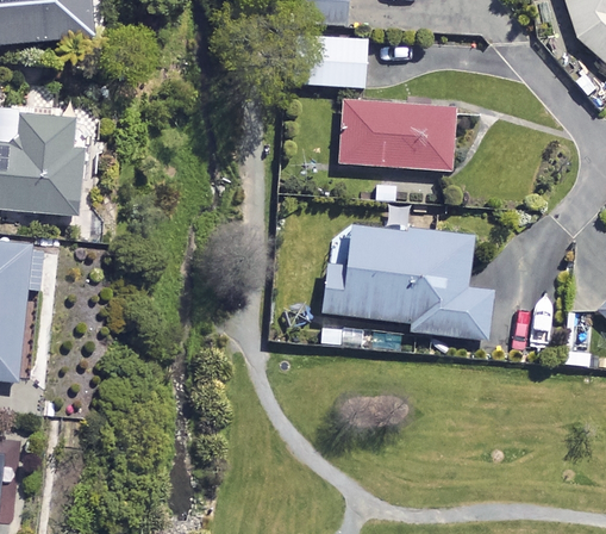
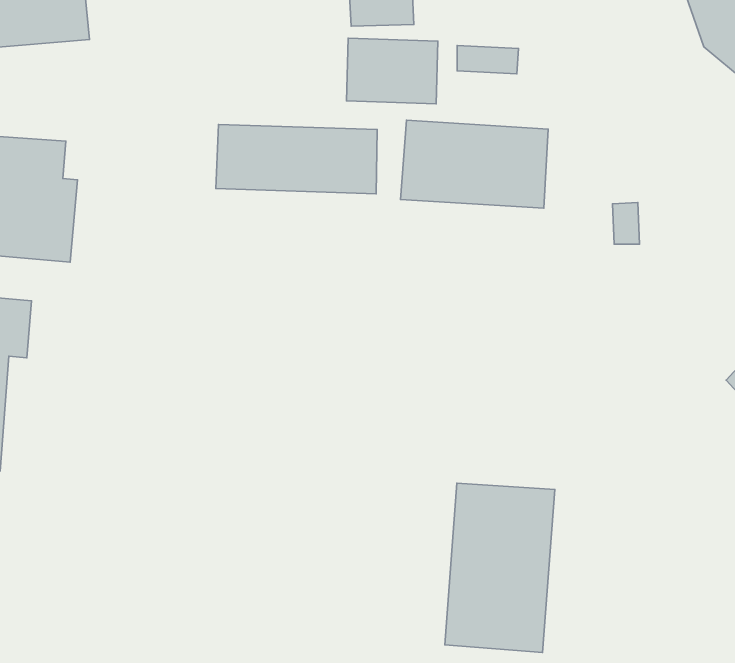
building: none -> [216,124,377,194]
building: [321,225,493,336] -> none
building: none -> [445,483,555,653]

